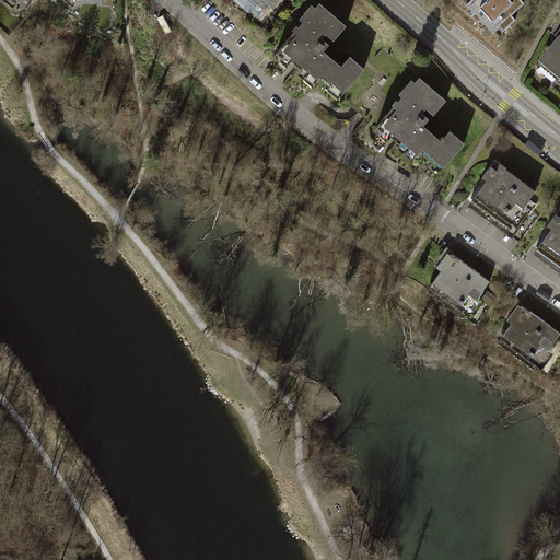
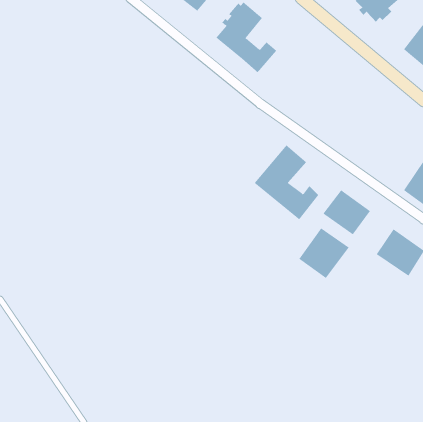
building: [380,75,466,175] -> [254,145,319,220]
building: [467,162,535,230] -> none
building: none -> [299,228,349,279]

